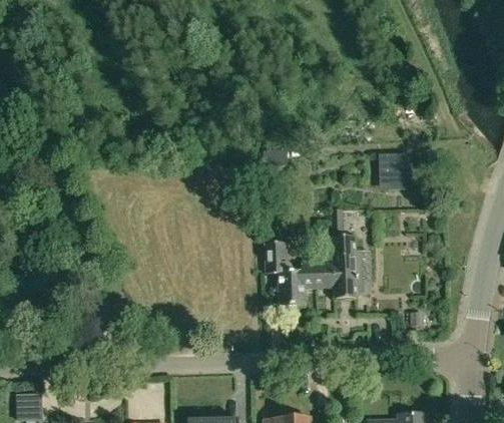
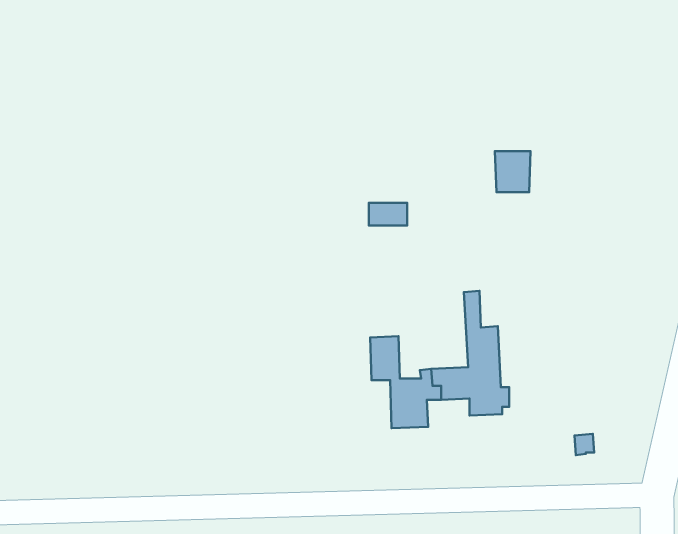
building: [379,151,404,180] -> [495,151,530,192]

